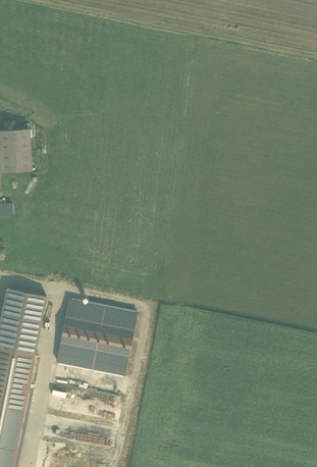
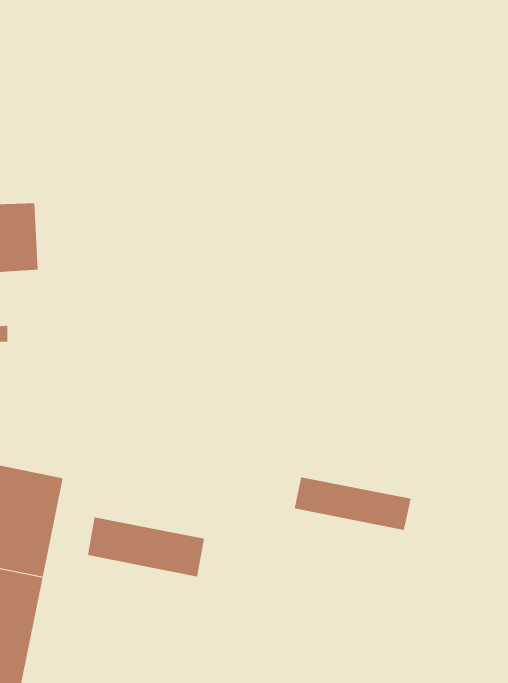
building: [64,301,136,333] -> [294,477,411,530]
building: [56,344,127,377] -> none

